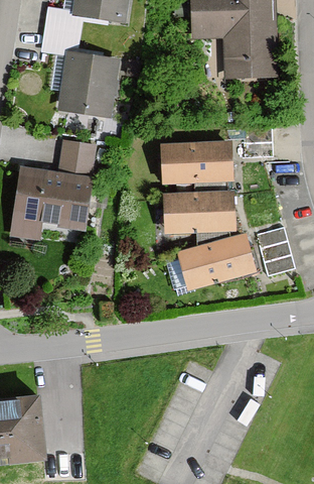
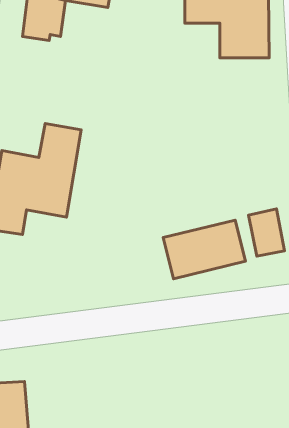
building: [57,52,120,121] -> none
building: [159,140,232,186] -> none
building: [161,192,237,236] -> none

